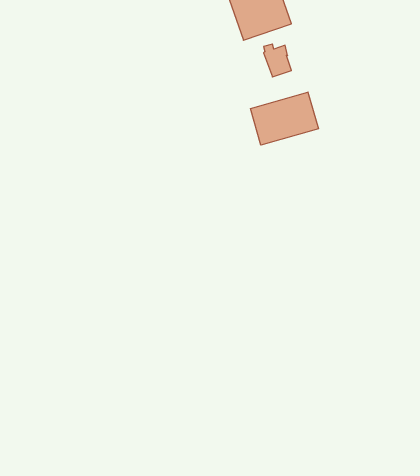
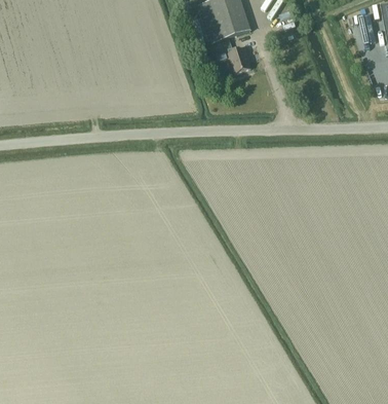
building: [250,92,318,145] -> none

